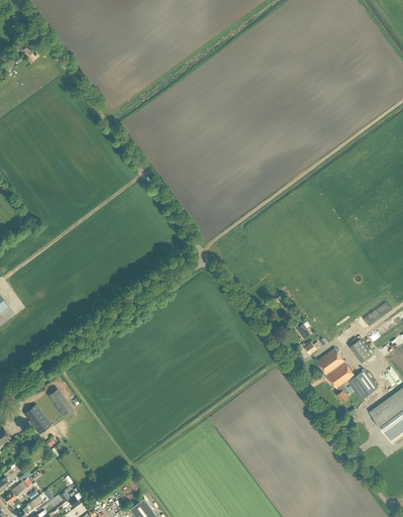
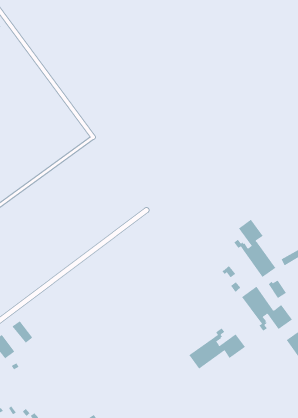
building: none -> [234,219,276,278]
building: none -> [189,328,246,370]

